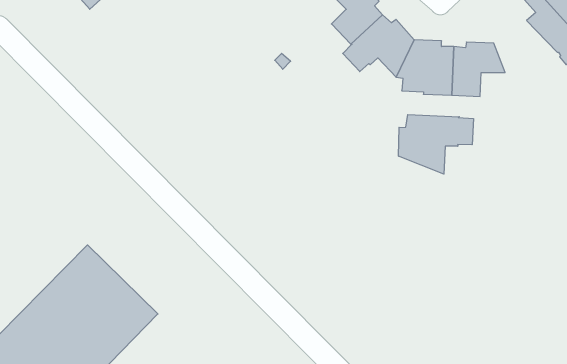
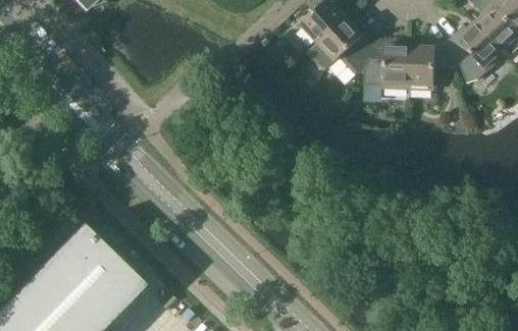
building: none -> [447,21,507,82]
building: [399,115,473,174] -> none

